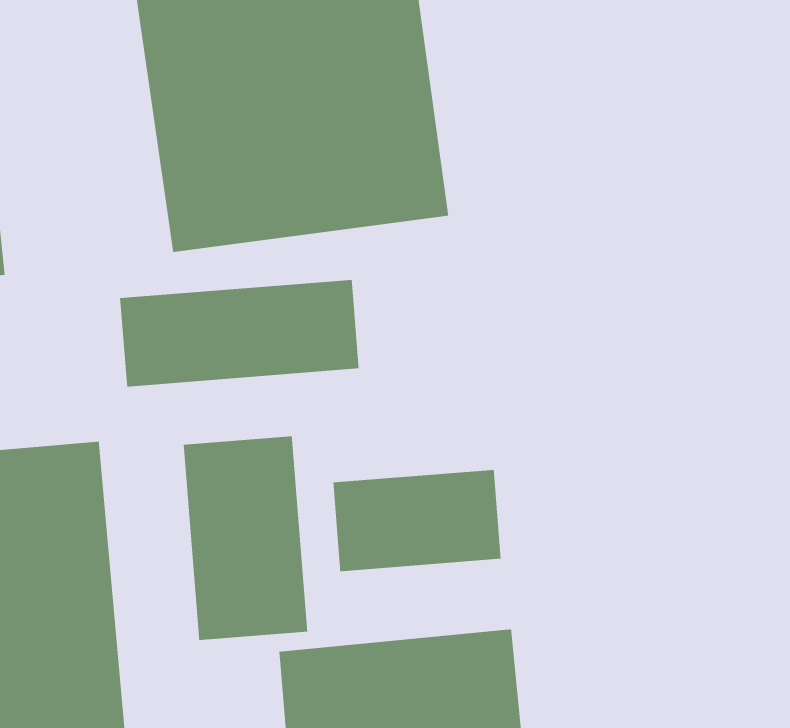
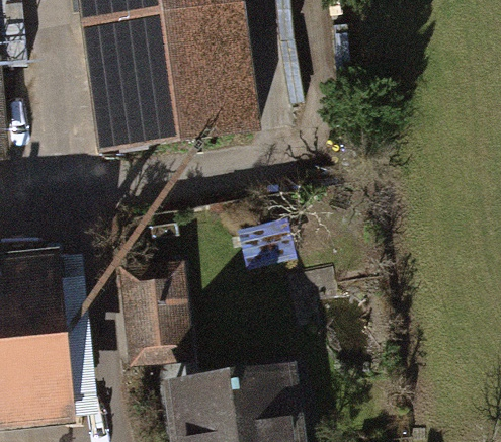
building: [119,279,360,387] -> none
building: [332,469,502,572] -> none

